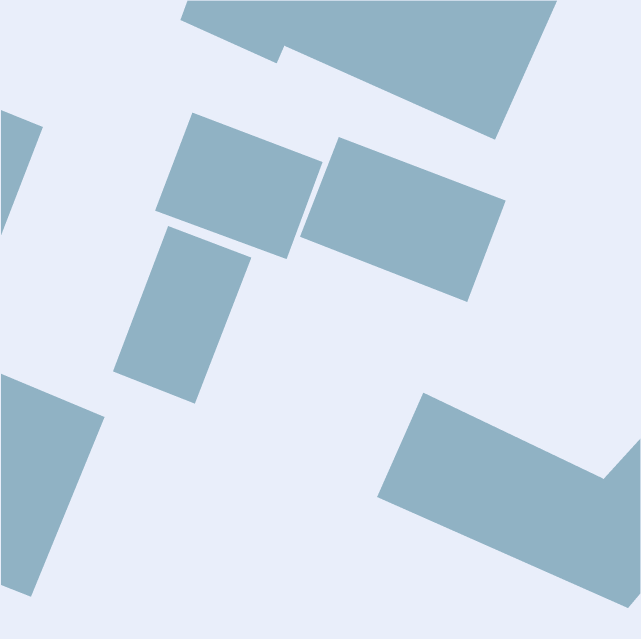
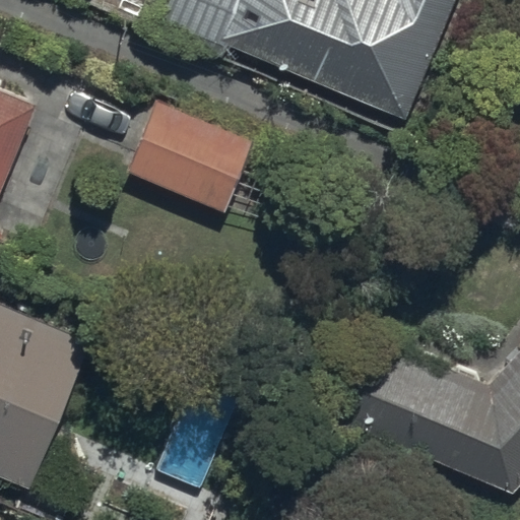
building: [299,136,507,303] -> none
building: [112,225,252,404] -> none

